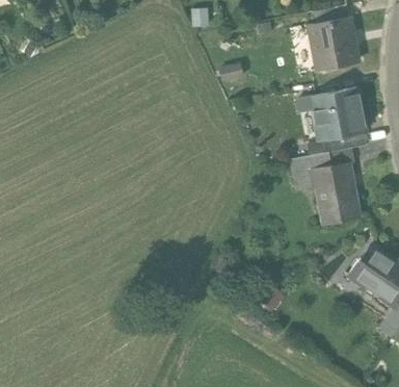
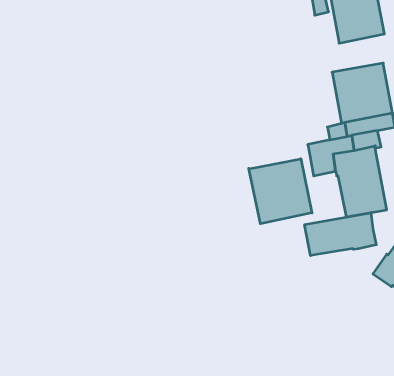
building: none -> [249,159,312,224]
building: none -> [305,212,376,256]

